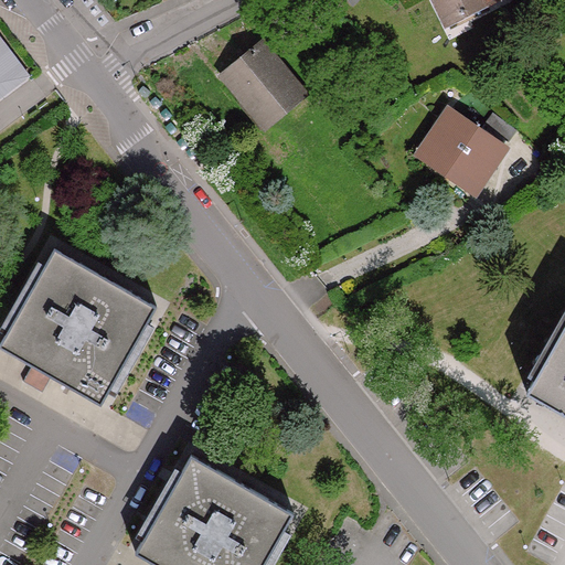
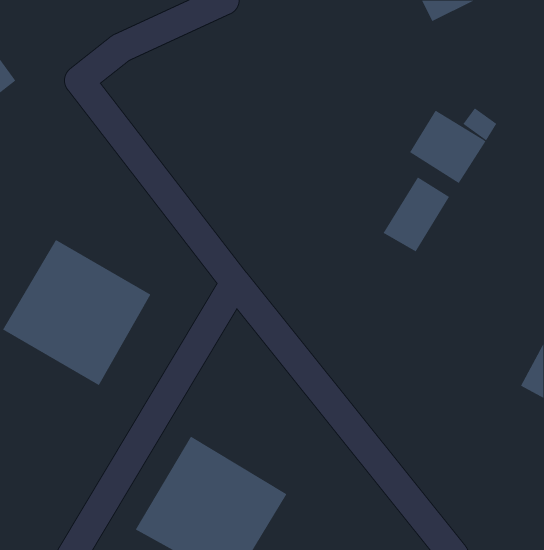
building: [217,52,299,134] -> none
building: none -> [383,177,450,252]

